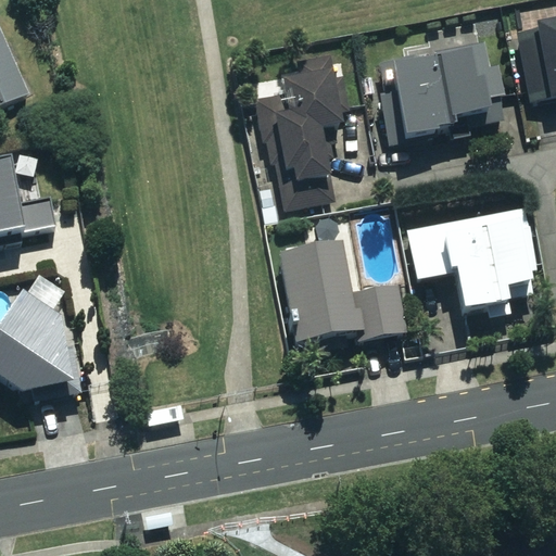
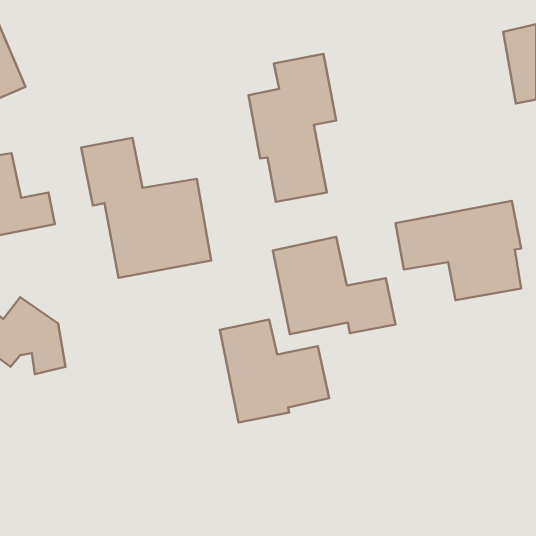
building: [382,40,496,136] -> none
building: none -> [81,138,211,278]
building: none -> [220,319,329,422]

